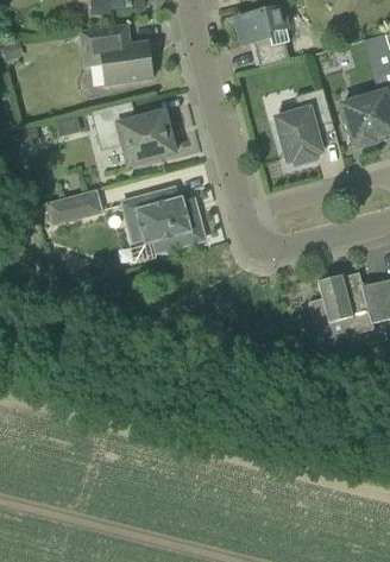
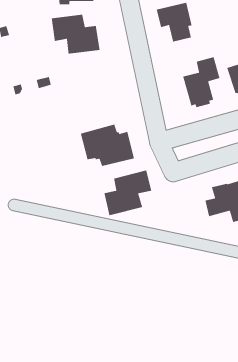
building: [90,101,175,165] -> none
building: [48,191,100,223] -> none
building: none -> [104,170,152,216]

